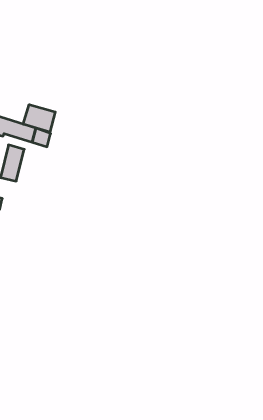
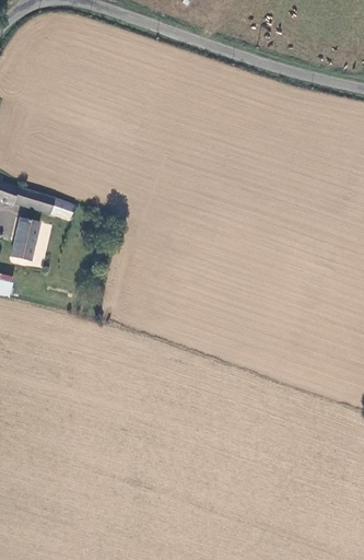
building: [23,105,55,132] -> none

